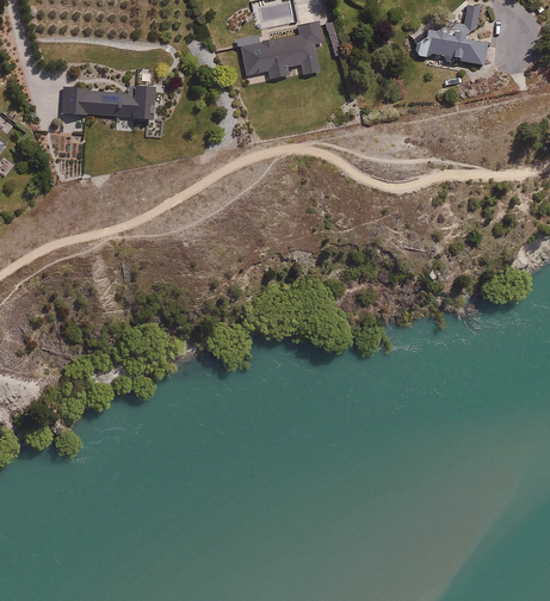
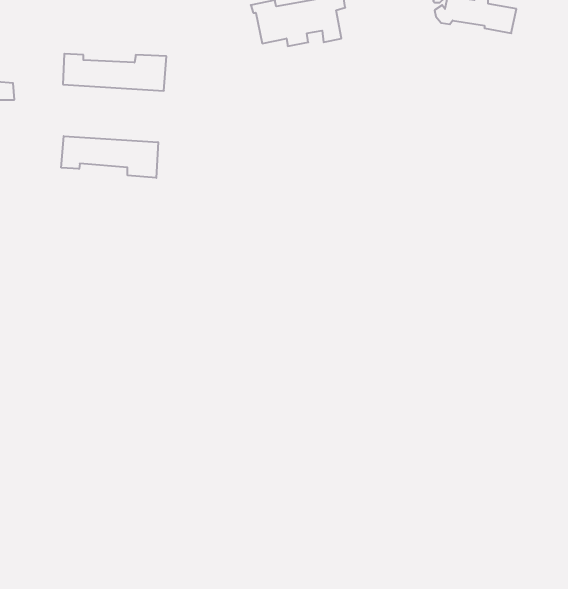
building: none -> [61,136,158,178]

